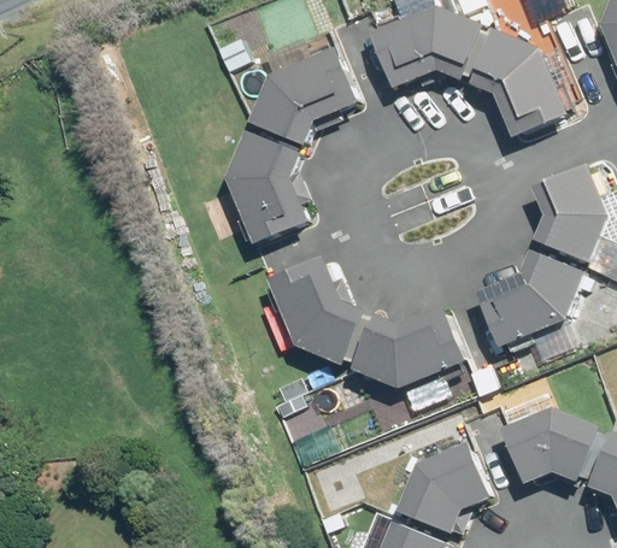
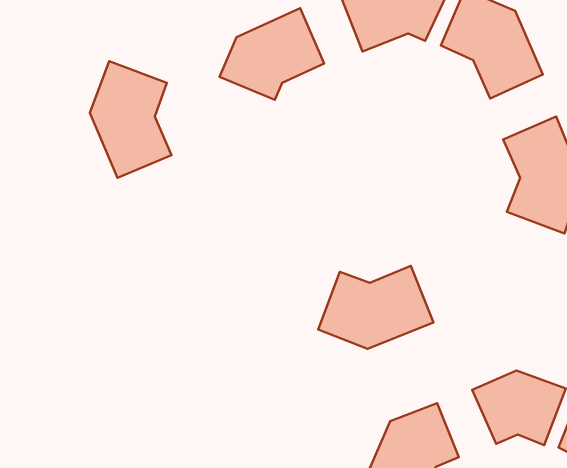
building: [224,126,306,243] -> [90,61,172,178]
building: [478,253,582,343] -> none
building: [263,257,366,366] -> none

